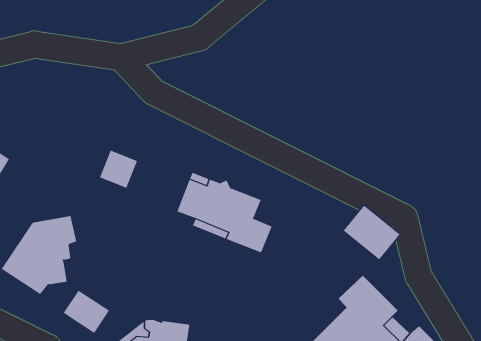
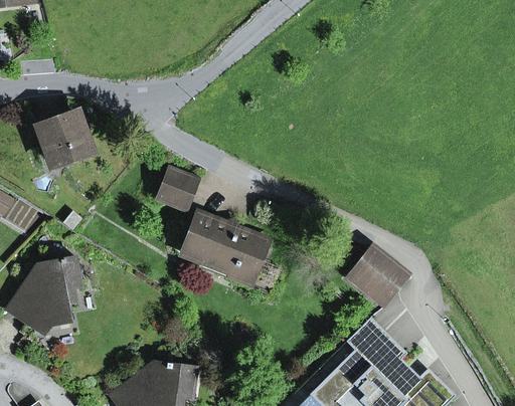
building: none -> [39,115,91,164]
building: [99,150,138,189] -> [158,169,197,208]
building: [63,290,110,334] -> none

